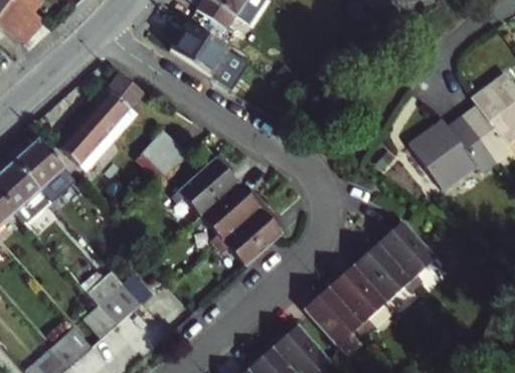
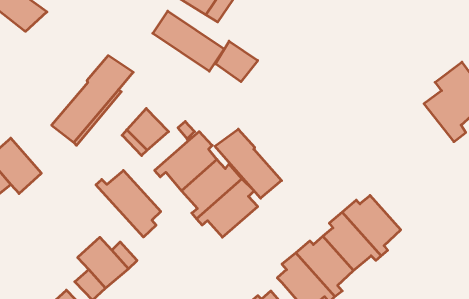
building: none -> [215,41,258,82]
building: [408,123,495,192] -> none
building: [15,138,73,198] -> none
building: none -> [215,129,282,198]
building: none -> [96,170,161,237]

